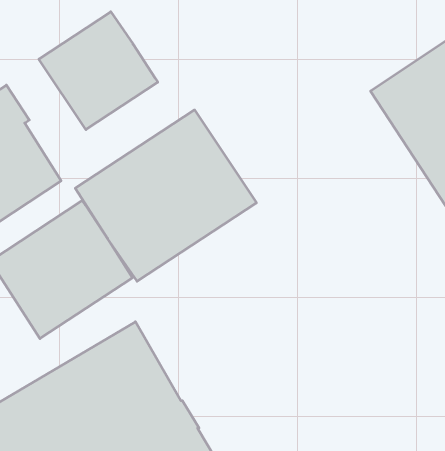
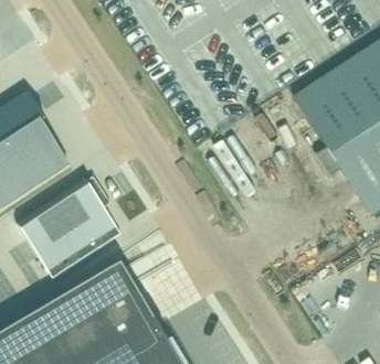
building: [39,12,158,130] -> none
building: [75,110,256,281] -> none

